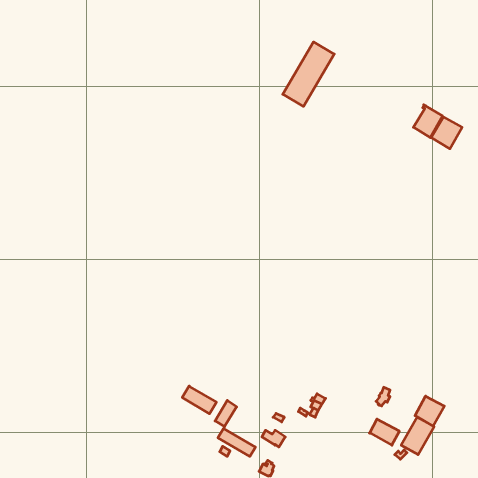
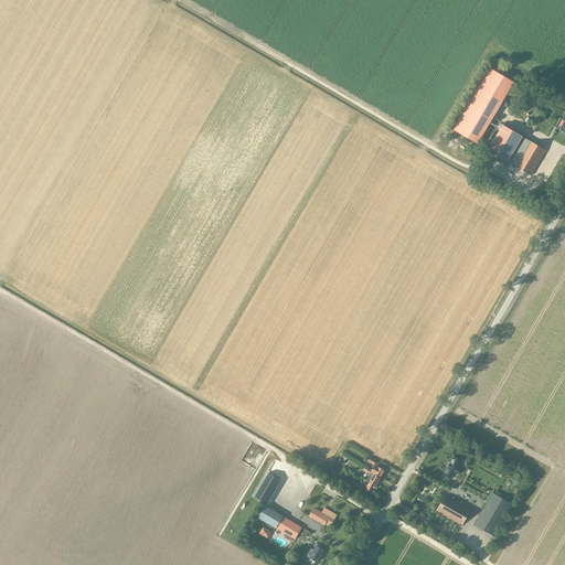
building: [283,42,334,106] -> [454,68,514,145]
building: [182,386,216,414] -> none
building: [415,396,444,426] -> none

